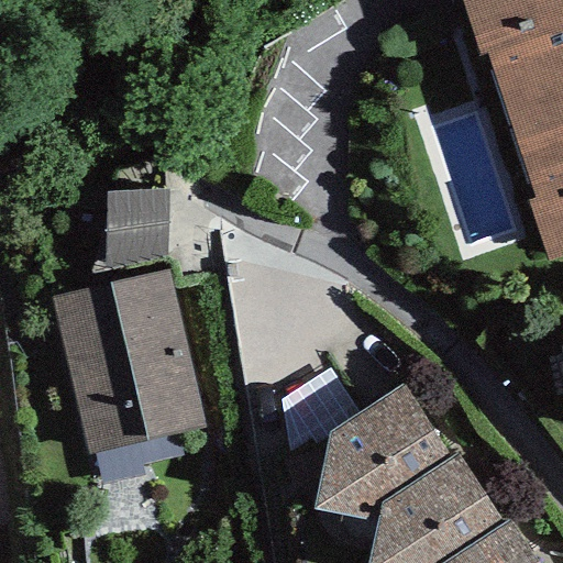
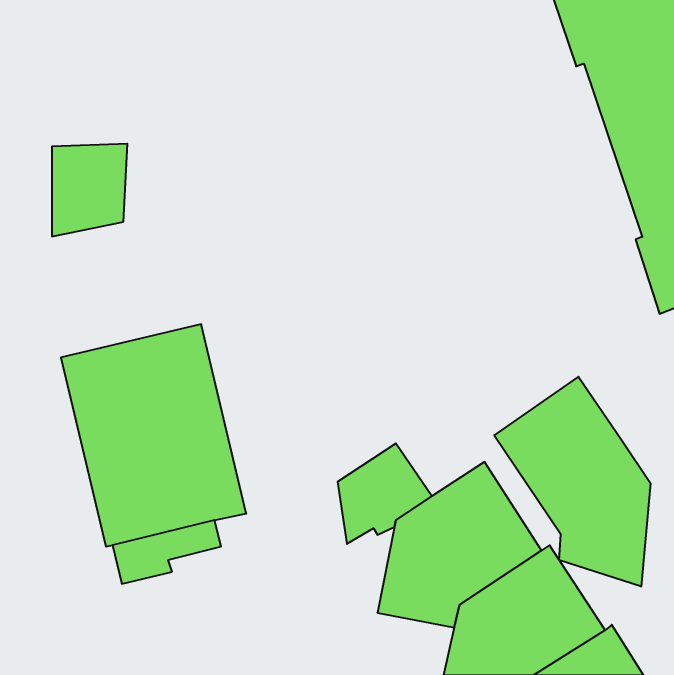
building: [107,189,169,266] -> [52,144,127,236]
building: none -> [494,377,650,587]

